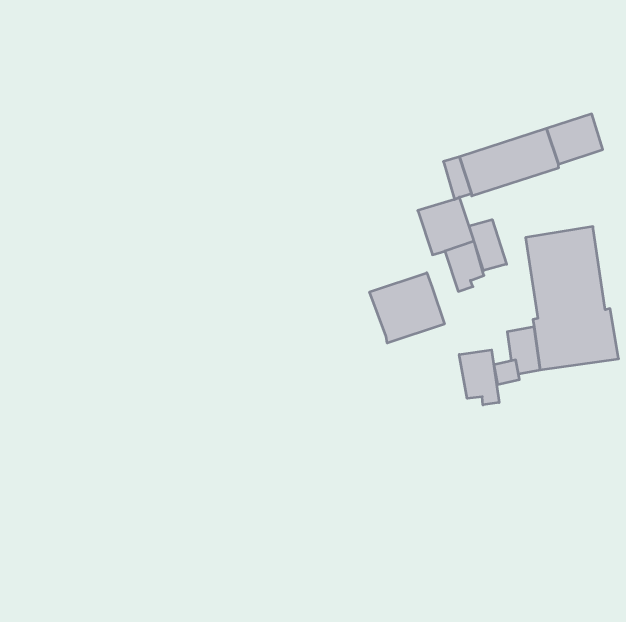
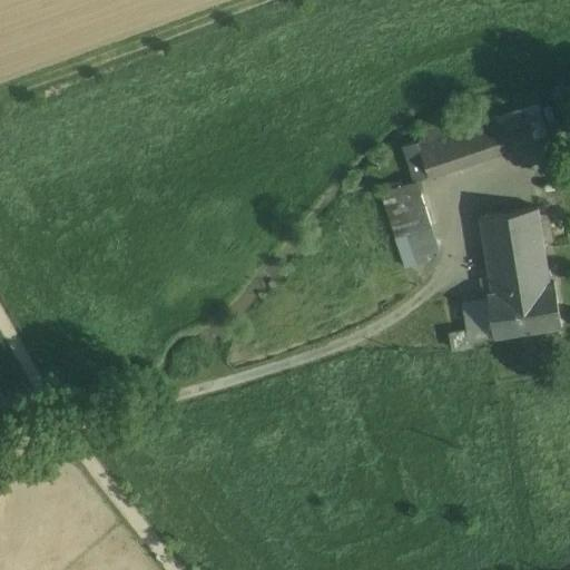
building: [469,220,507,271] -> none
building: [370,273,444,343] -> none
building: [459,350,499,405] -> none

